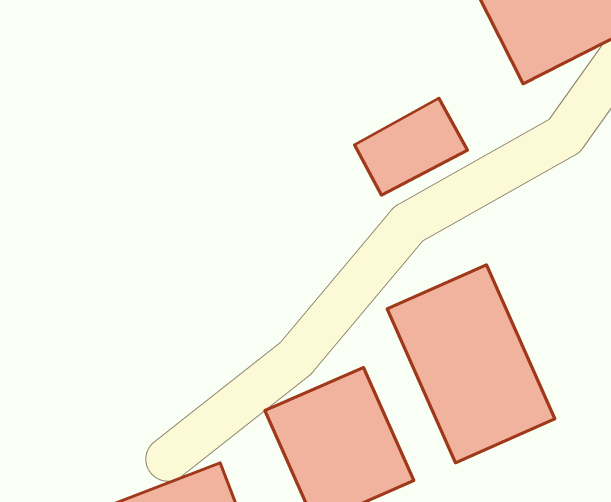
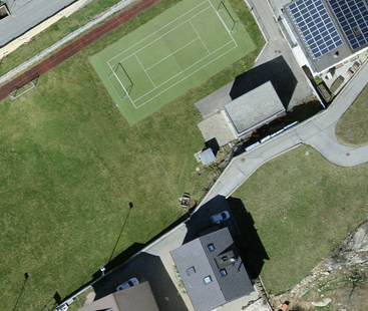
building: [387,265,555,463] -> none

